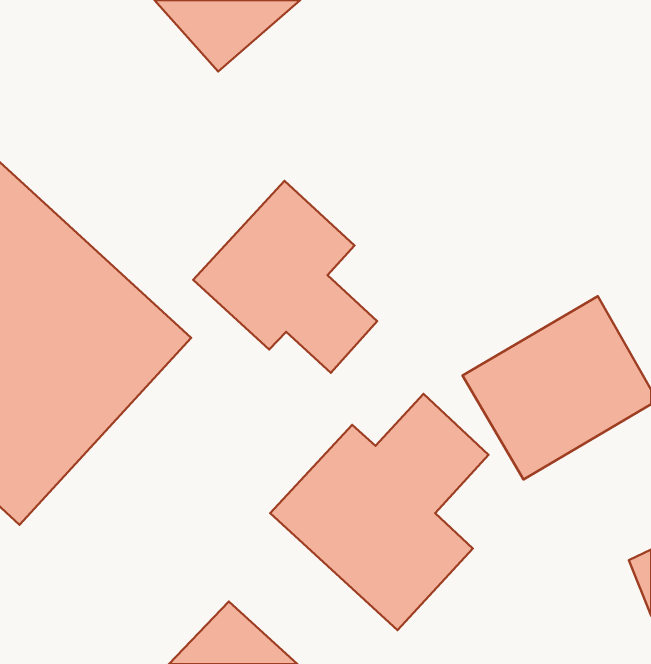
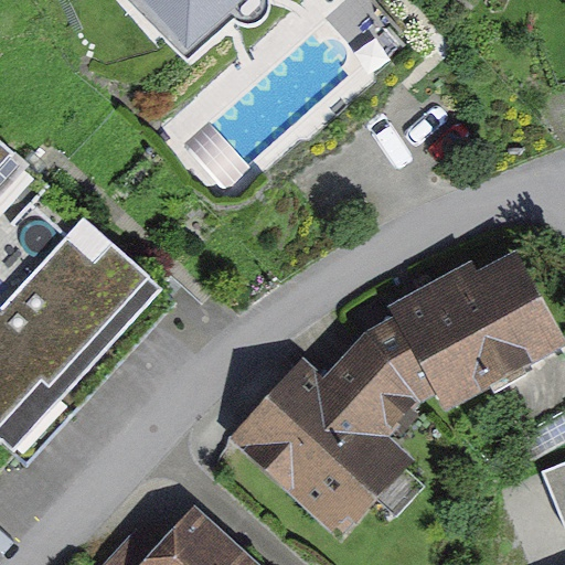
building: [193,181,377,373] -> none

